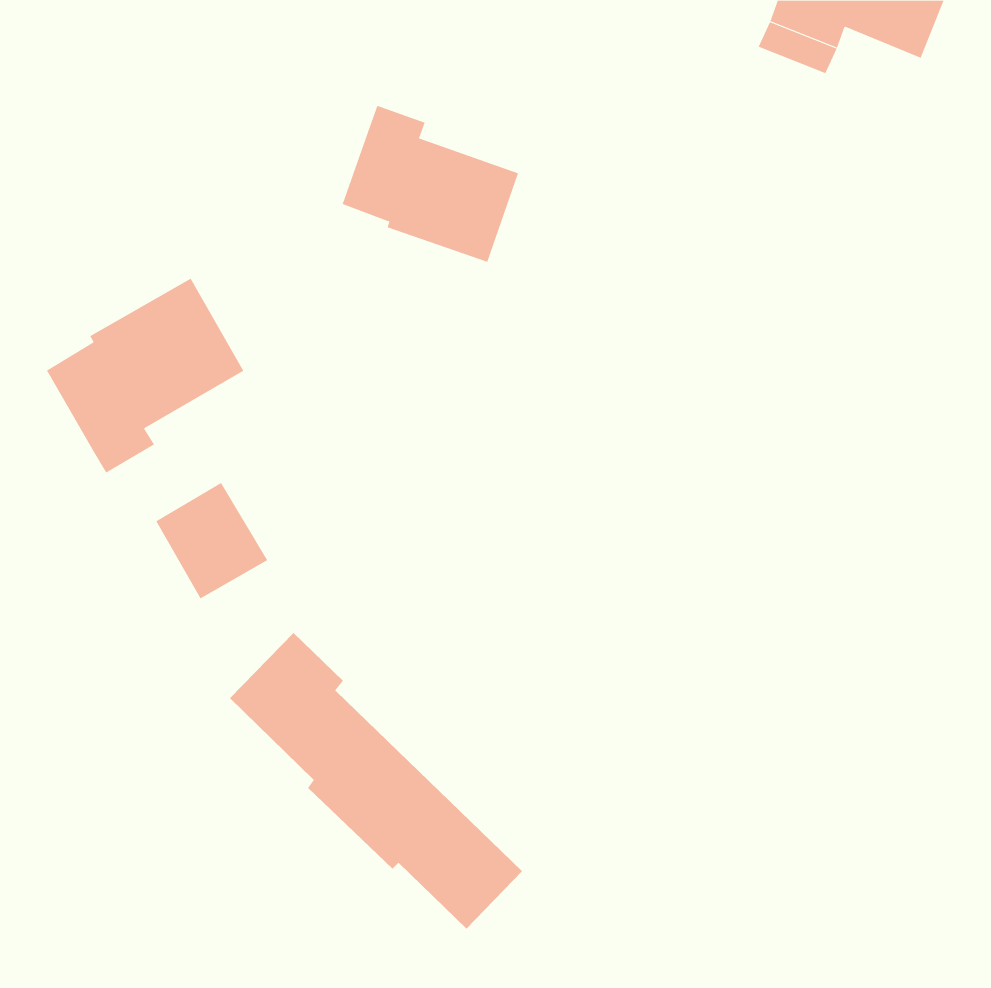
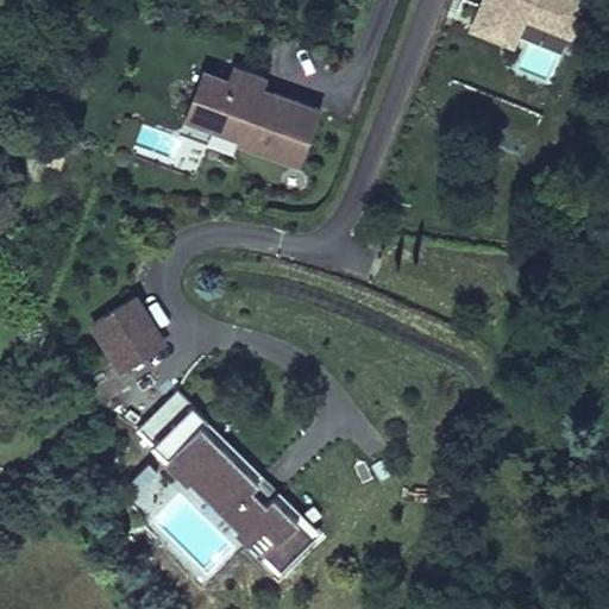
building: none -> [184,73,226,128]
building: [46,278,244,474] -> none

